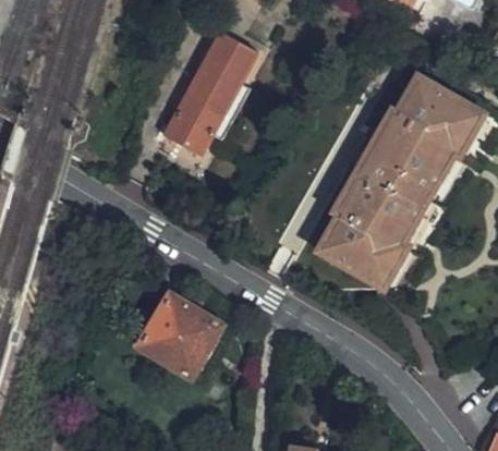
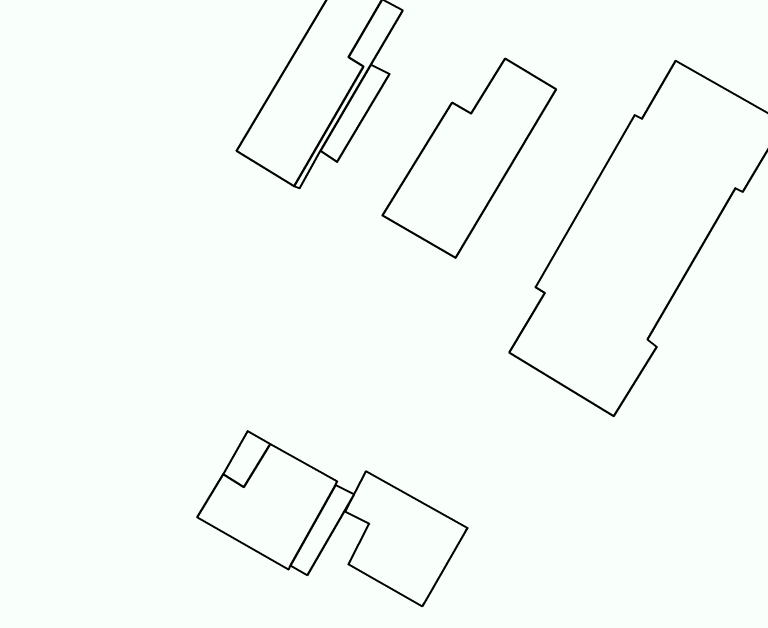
building: none -> [382,59,556,258]
building: none -> [345,471,468,606]

